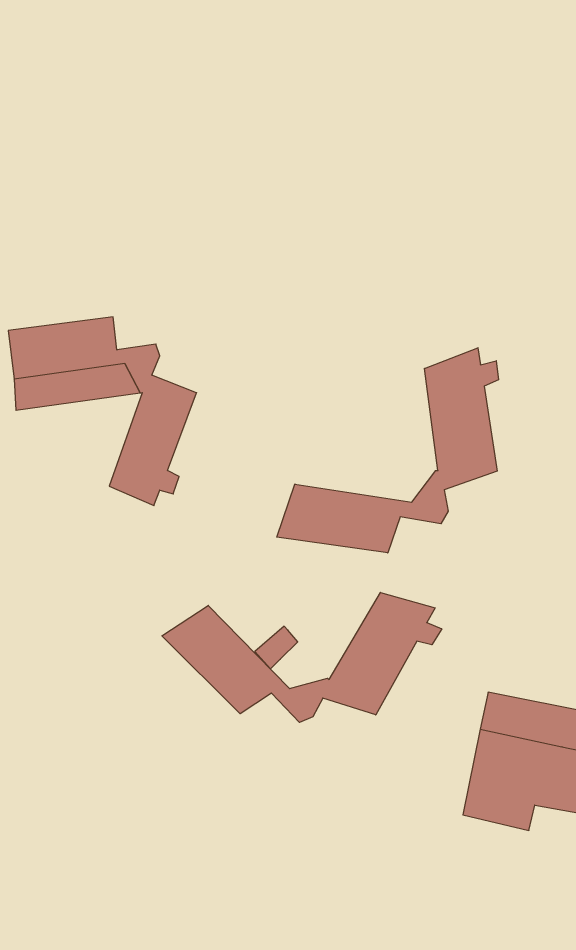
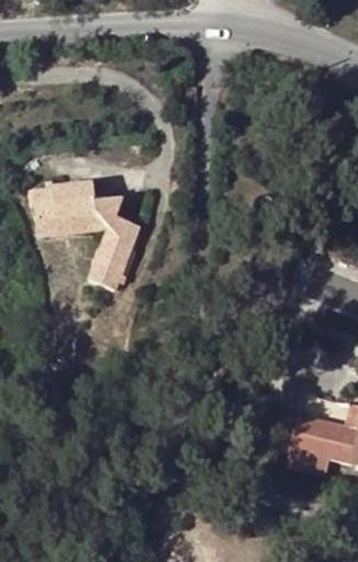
building: [277,348,498,553] -> none
building: [162,592,442,722] -> none

